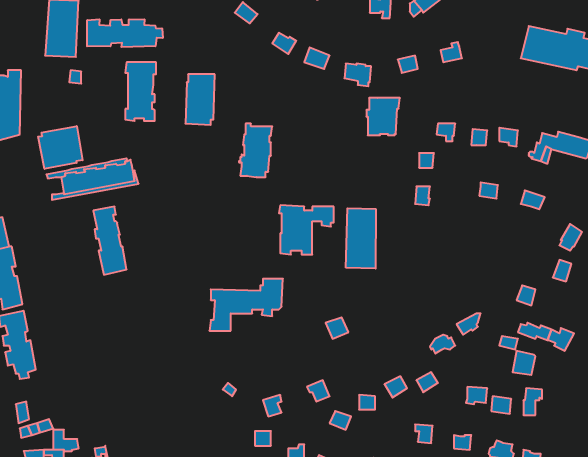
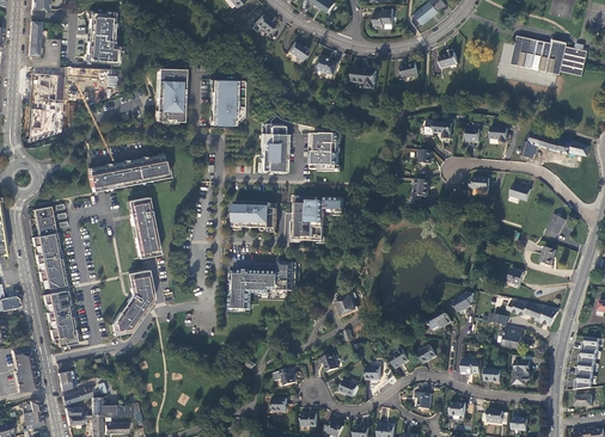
building: [87,19,163,47] -> none
building: [366,98,400,135] -> [311,135,341,168]
building: [38,126,83,169] -> none
building: [346,208,376,269] -> none
building: none -> [234,202,276,228]
building: none -> [111,270,153,336]

